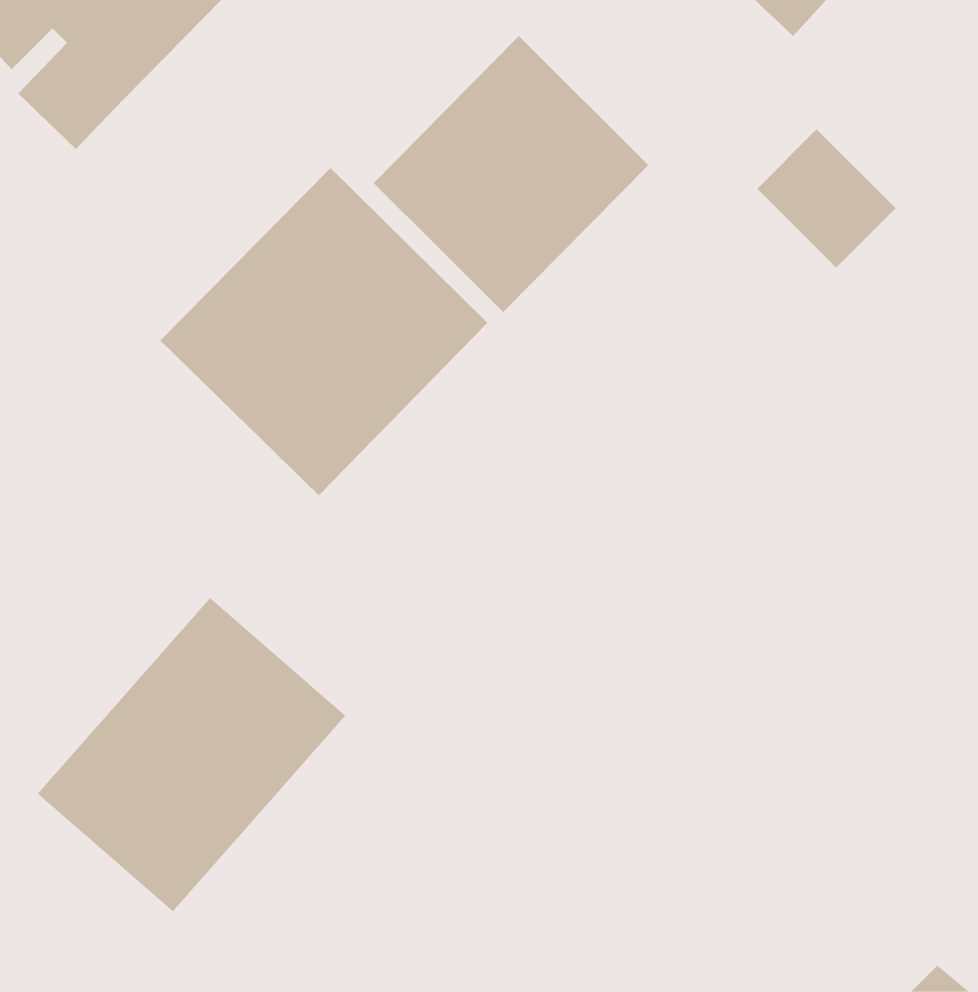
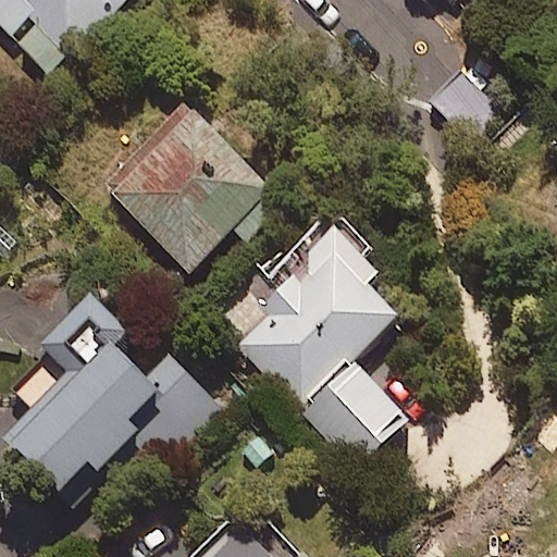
building: [373,35,649,313] -> none
building: none -> [209,215,413,454]

